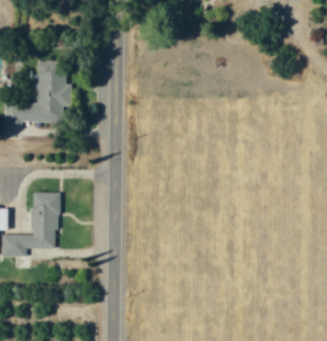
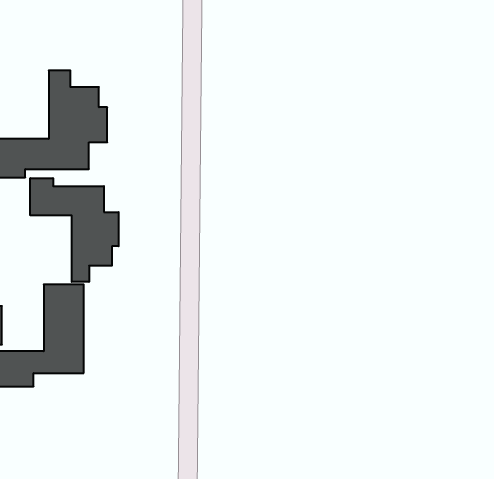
building: none -> [30,178,119,282]

